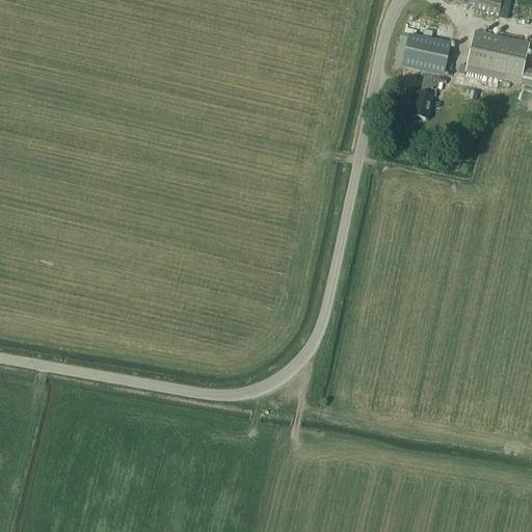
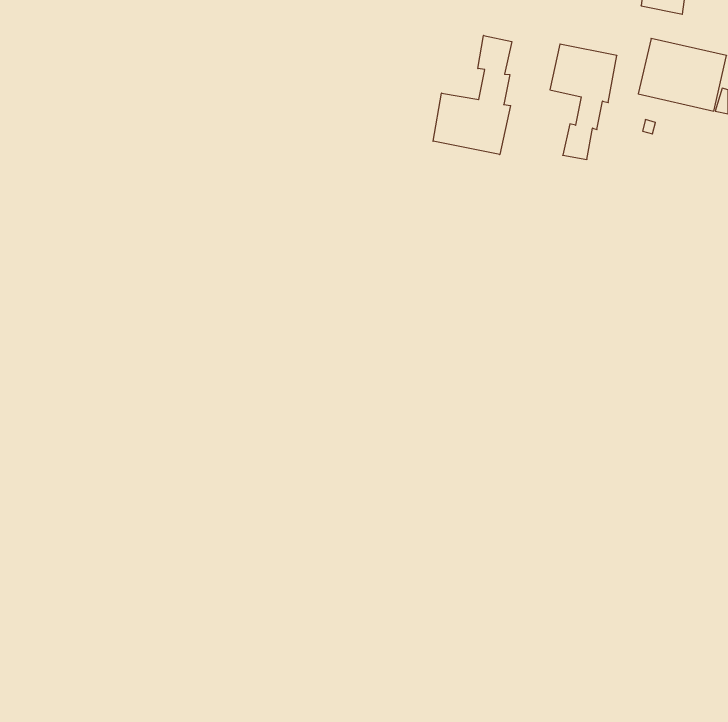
building: none -> [433,35,512,155]

